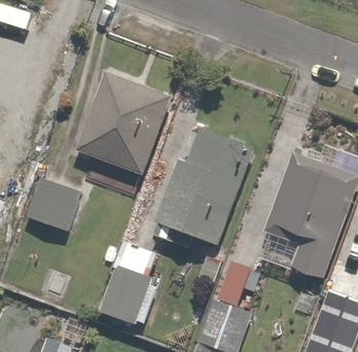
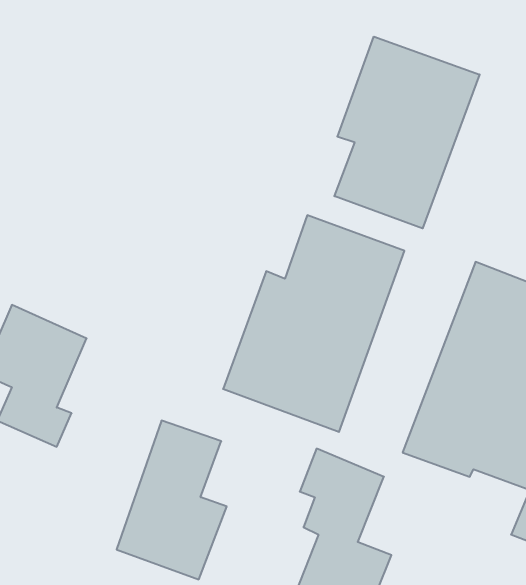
building: none -> [334,37,480,228]
building: [77,73,178,179] -> none

